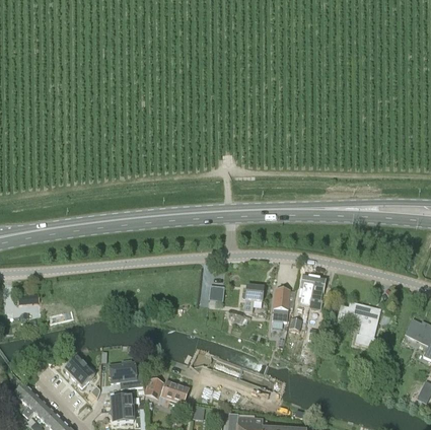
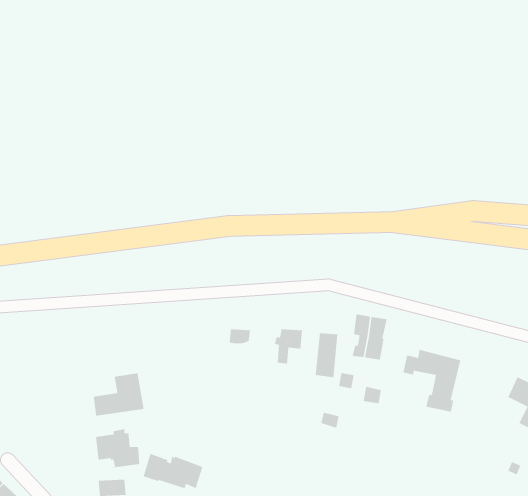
building: none -> [93,373,144,416]
building: [63,357,93,387] -> none

